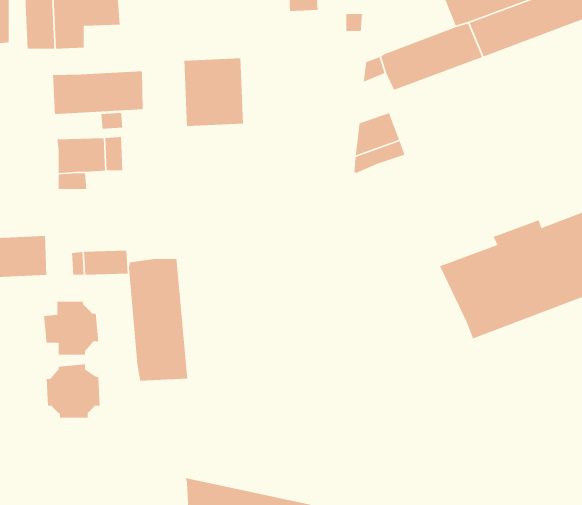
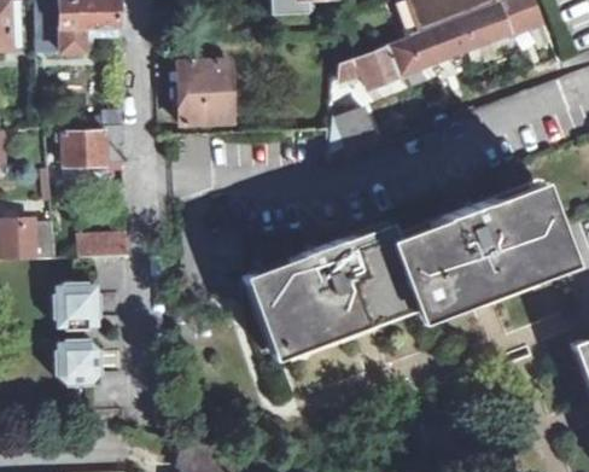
building: [52,71,144,115] -> none
building: none -> [266,233,431,352]
building: [128,258,188,381] -> none

